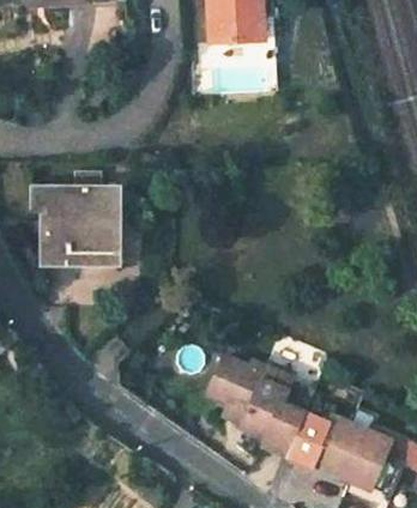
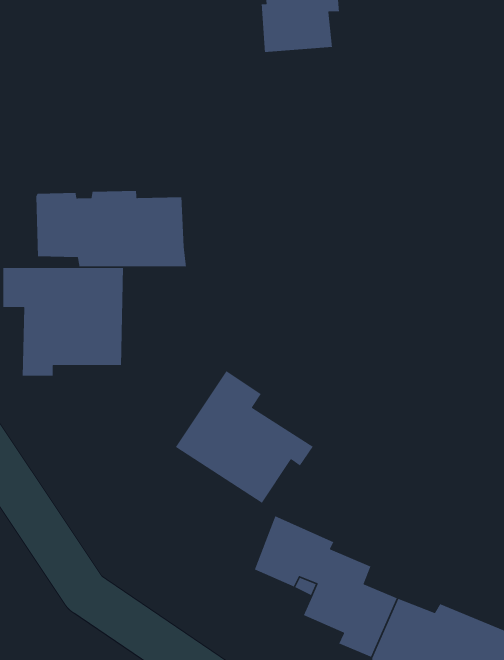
building: none -> [36,190,187,267]
building: none -> [175,370,314,504]

